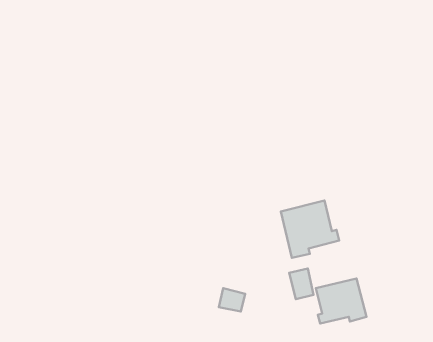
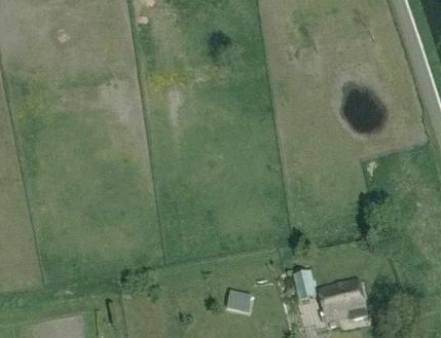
building: [281,201,339,258] -> none

